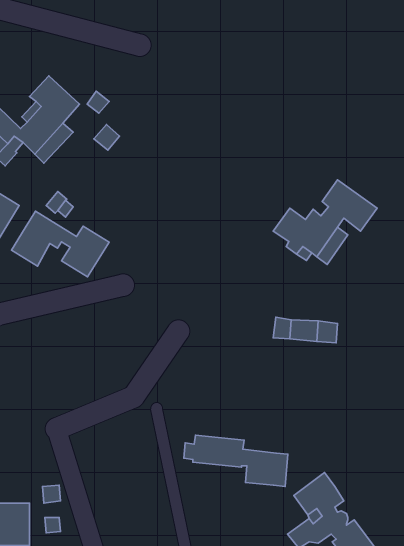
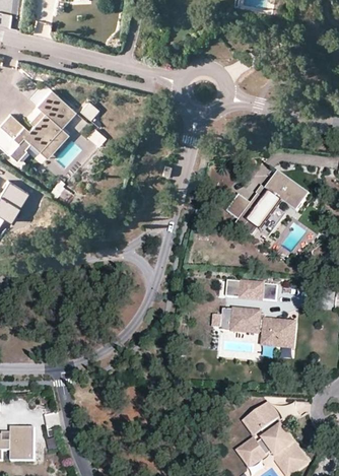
building: [11,211,109,277] -> none
building: [184,435,288,486] -> [214,308,296,348]

